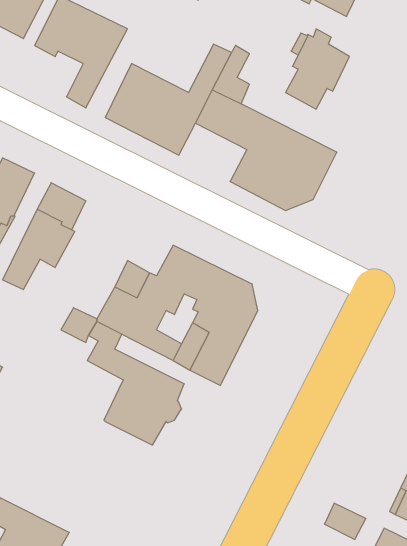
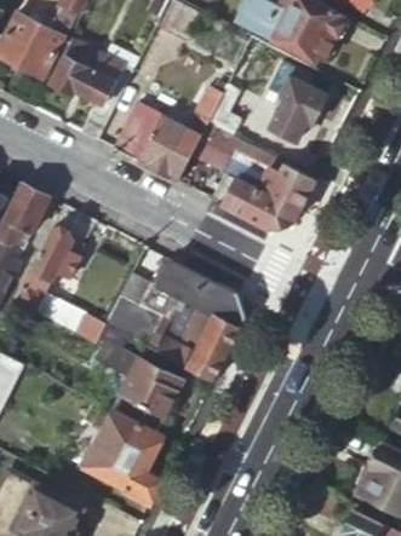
building: none -> [82,414,164,508]

